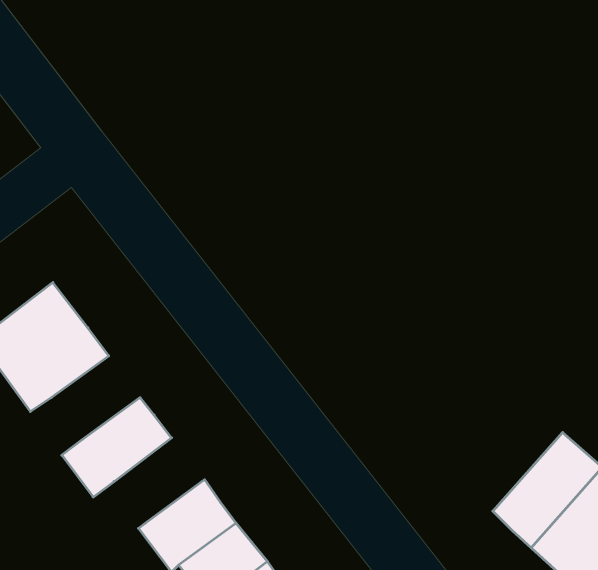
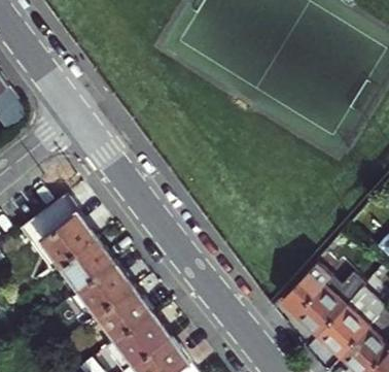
building: none -> [60,242,112,292]
building: none -> [282,260,364,334]
building: none -> [97,291,150,341]

